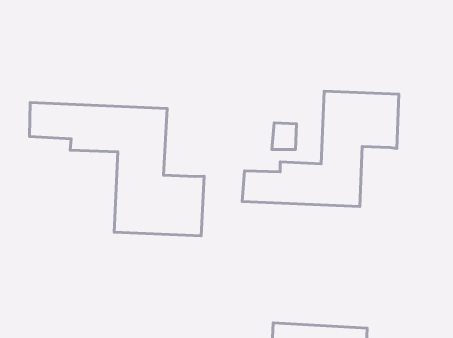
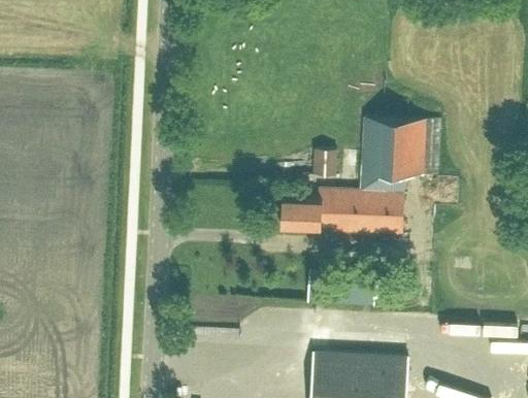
building: [30,103,204,236] -> none

